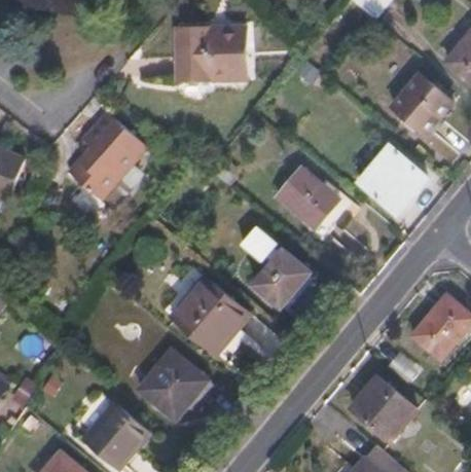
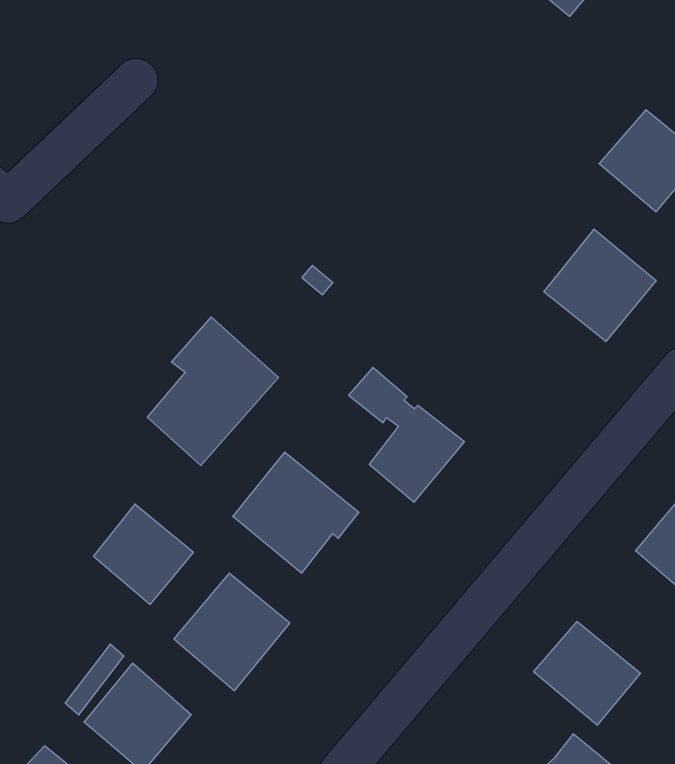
building: [175,26,247,80] -> none
building: [67,112,145,201] -> [147,317,279,466]
building: [277,168,337,227] -> none
building: none -> [93,504,193,605]

